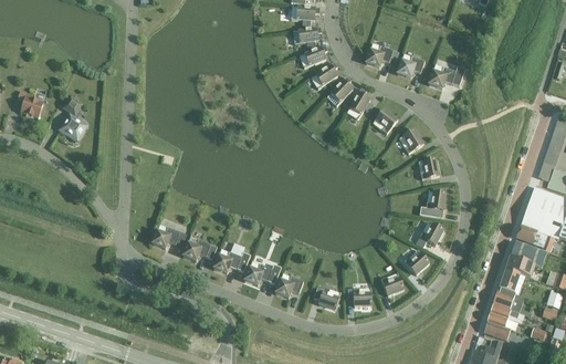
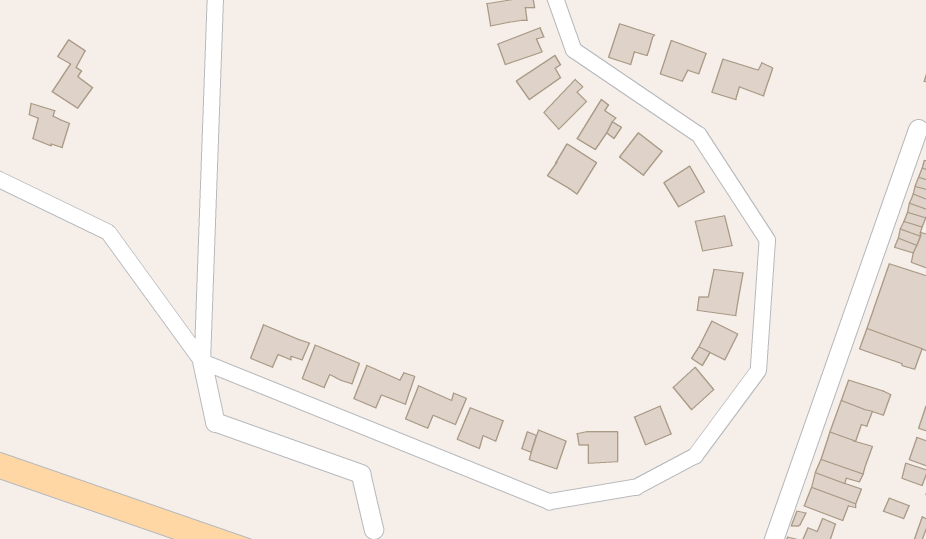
building: [61,97,85,138] -> [52,40,93,108]
building: none -> [548,144,596,194]
building: [510,241,546,268] -> none

